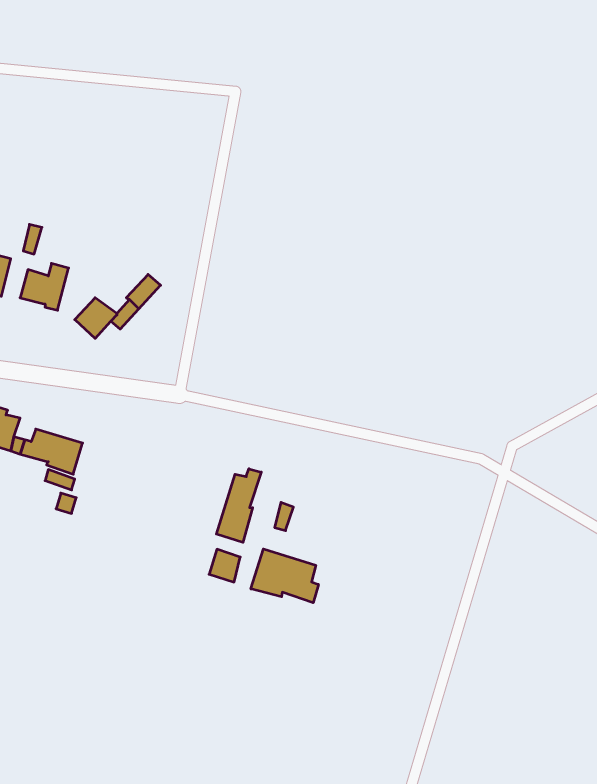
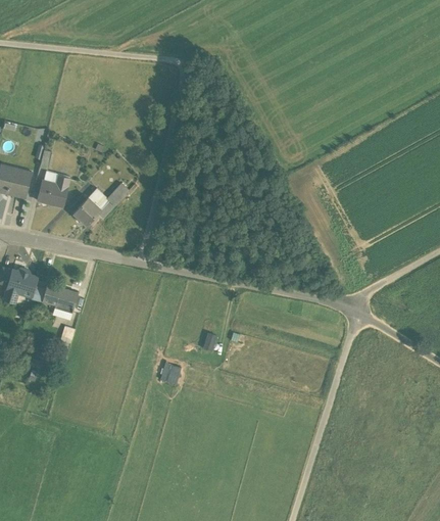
building: [216,469,261,542] -> none
building: [251,549,318,603] -> none

